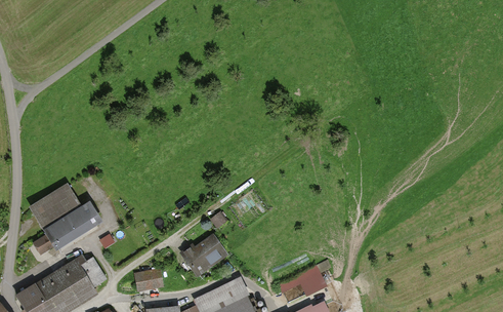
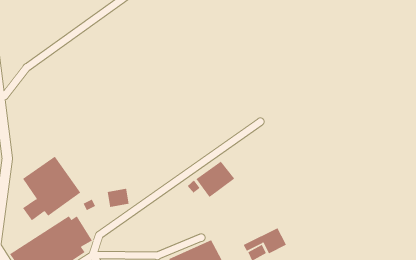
building: [186,234,230,275] -> [196,161,235,198]
building: [135,268,161,289] -> [107,188,130,208]

